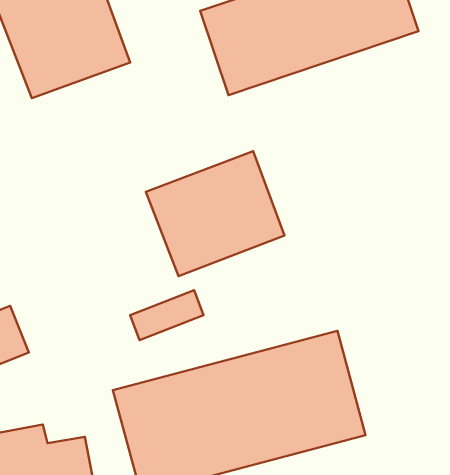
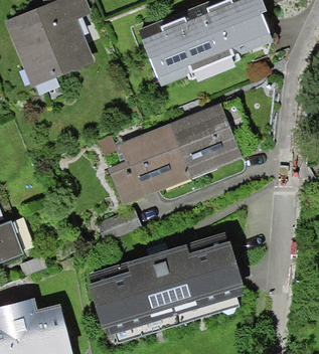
building: none -> [174,102,244,174]

